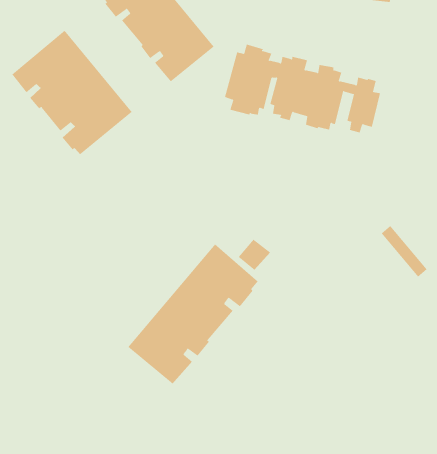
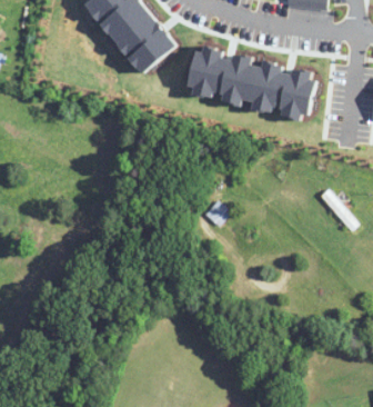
building: [11,30,133,155] -> none
building: [127,243,259,385] -> none

